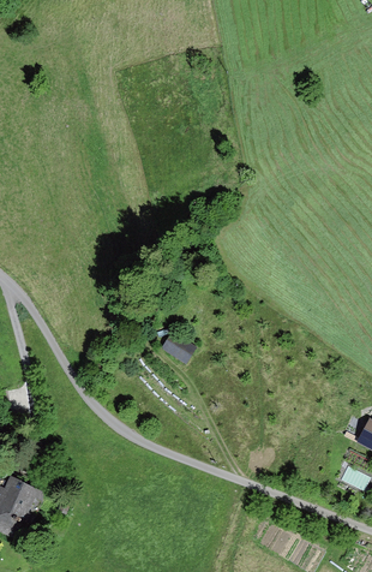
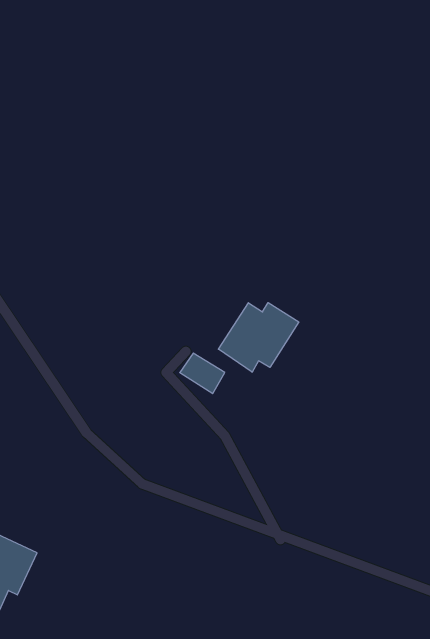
building: none -> [218,303,299,372]

